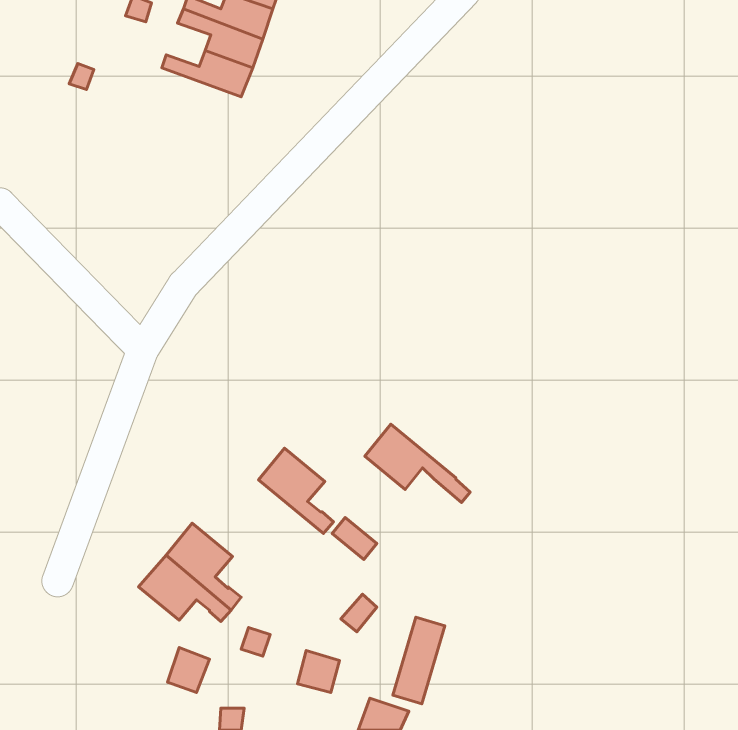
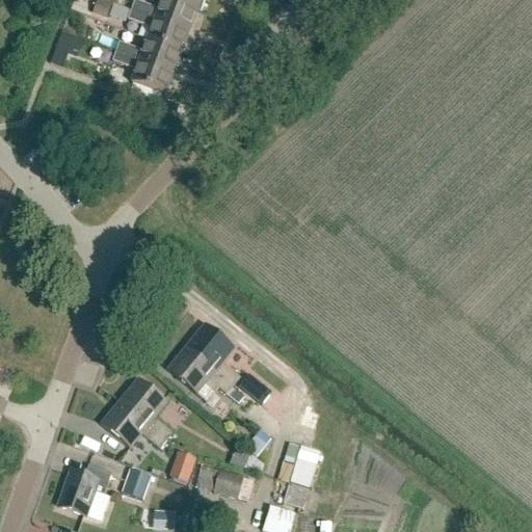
building: none -> [112,49,174,92]
building: [365,424,470,502] -> [167,345,243,401]
building: none -> [58,462,112,520]

